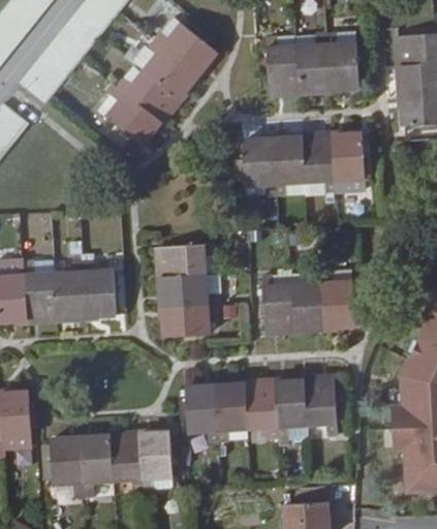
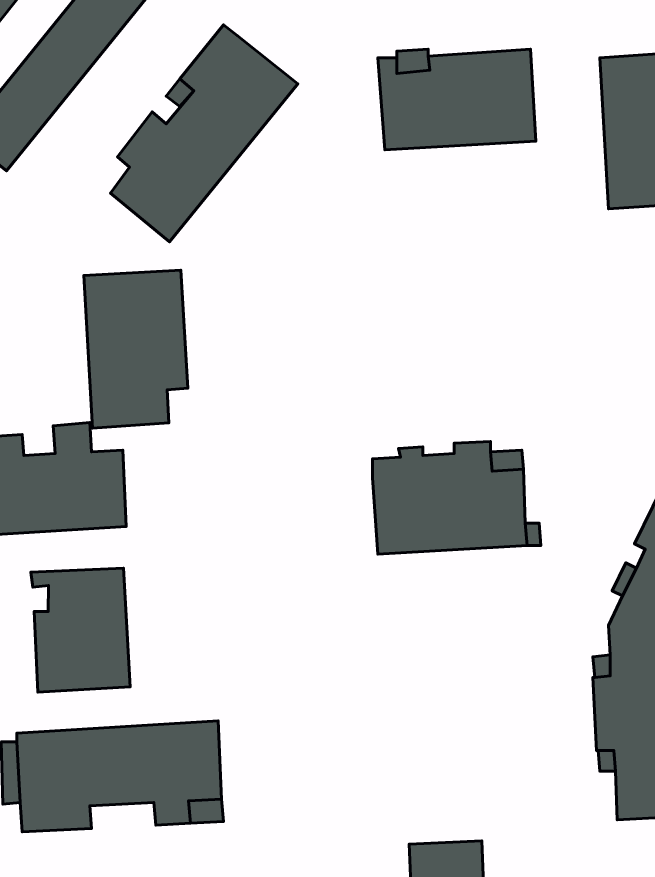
building: [243,132,367,198] -> none
building: [158,244,220,338] -> [84,270,188,428]
building: none -> [31,568,130,692]
building: [186,378,338,443] -> none

